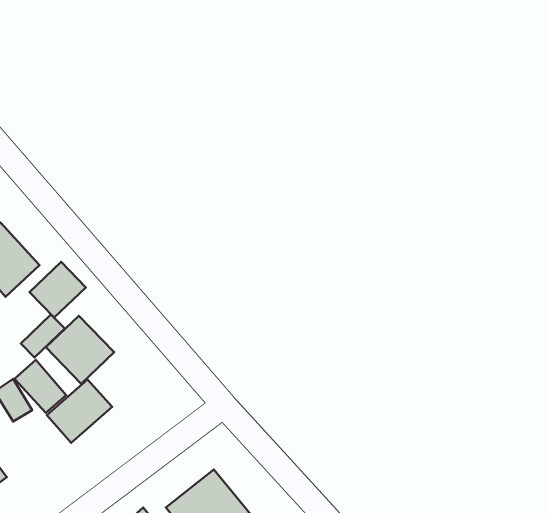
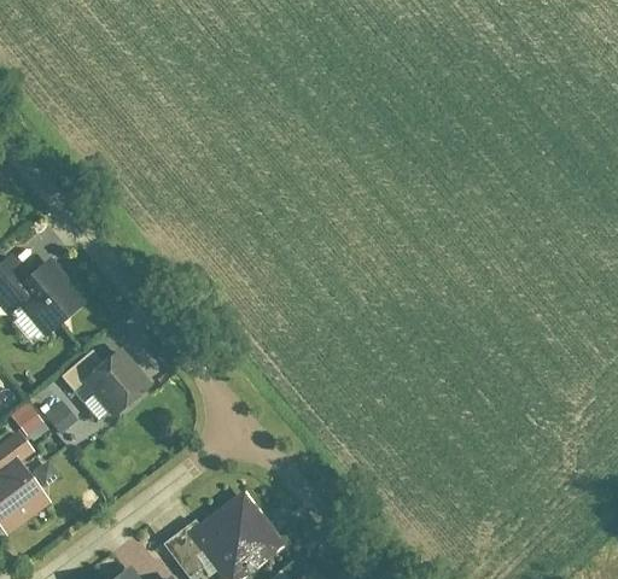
building: [30,262,86,318] -> none
building: [47,379,112,443] -> none

